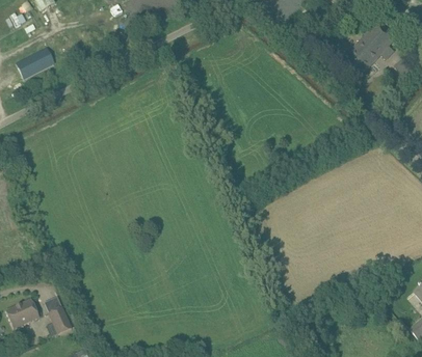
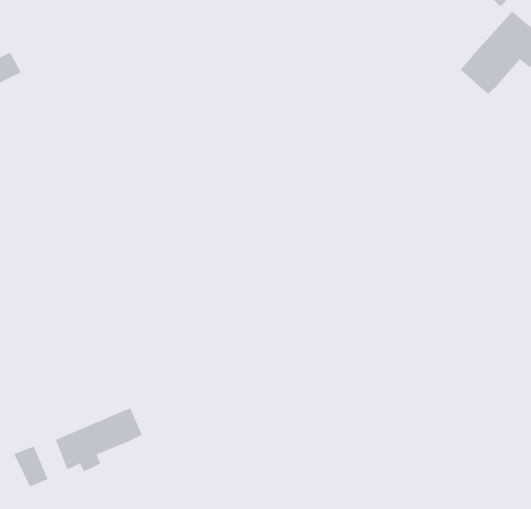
building: none -> [55,407,142,472]

